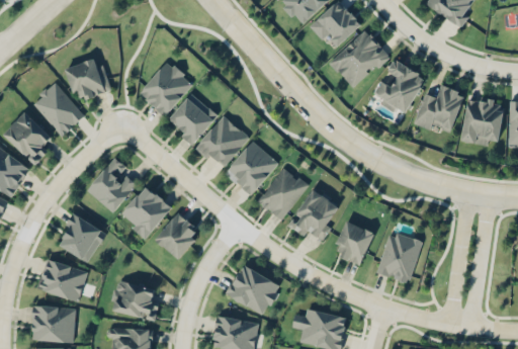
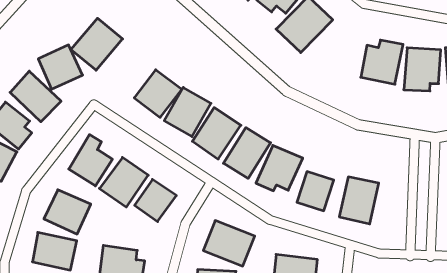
building: [374,59,427,117] -> none
building: [138,61,195,117] -> [71,18,123,70]

